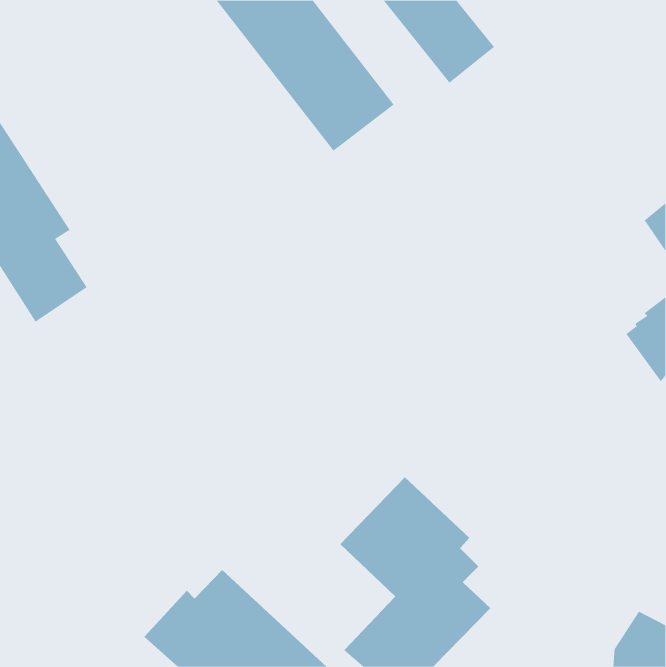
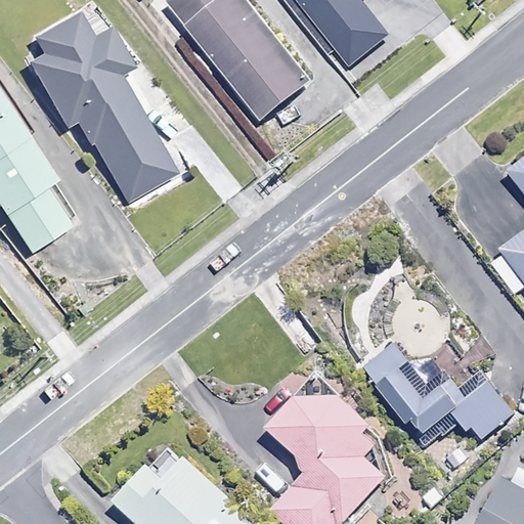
building: none -> [29,14,176,204]
building: none -> [364,342,513,449]

